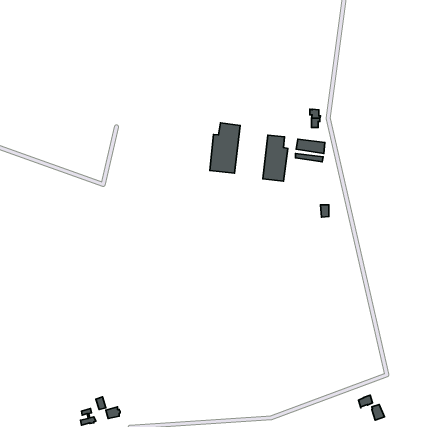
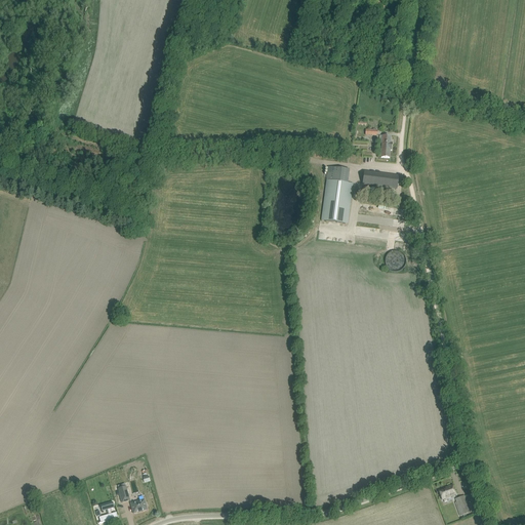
building: [210,123,240,173] -> none

